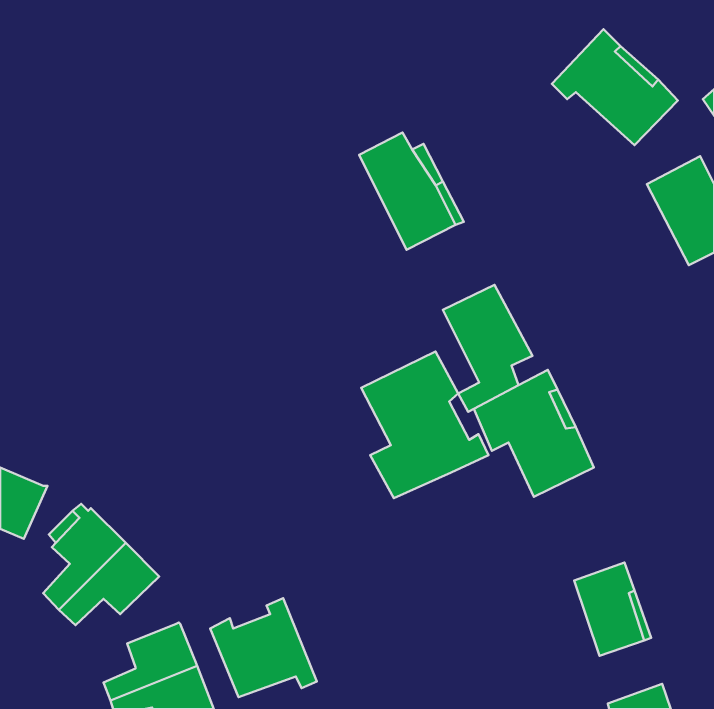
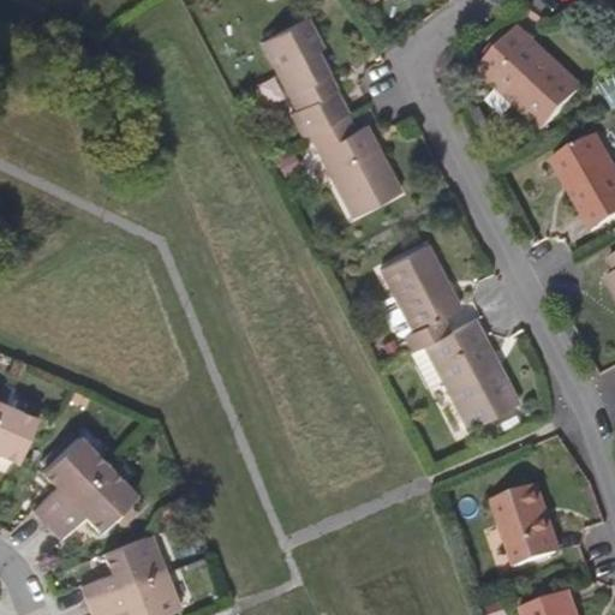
building: none -> [264,18,350,136]
building: [361,351,489,498] -> none
building: [210,598,317,697] -> none

